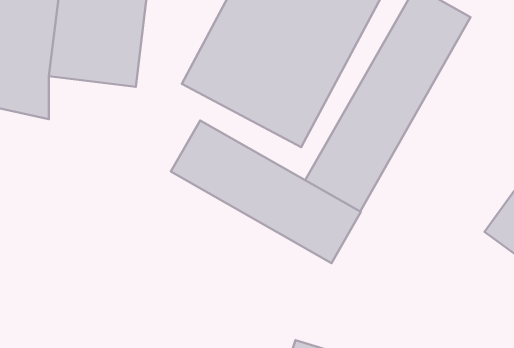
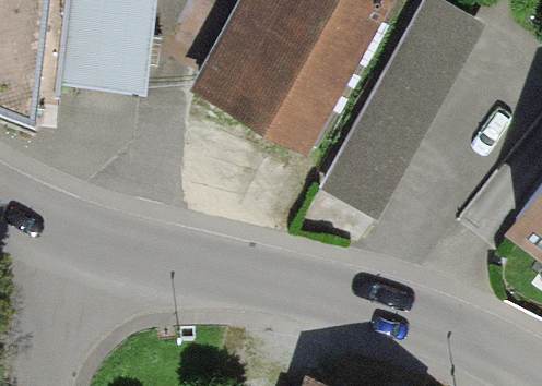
building: [171,120,361,263] -> none

